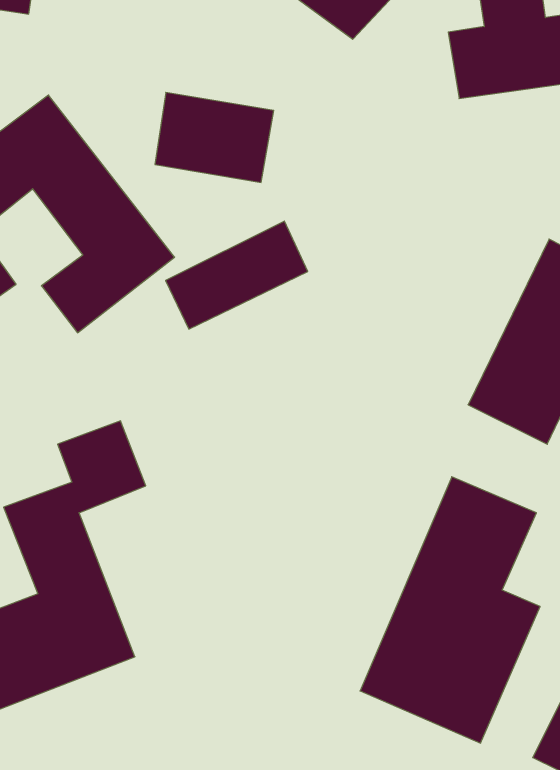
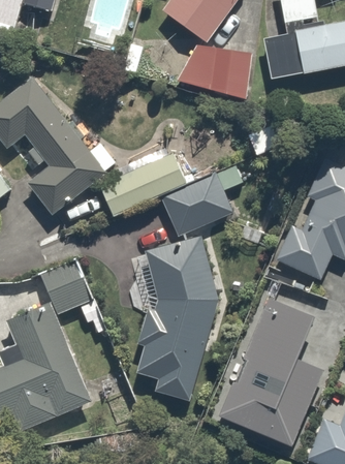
building: [155,92,274,182] -> [189,44,257,96]
building: none -> [159,168,249,235]
building: none -> [137,239,213,396]

